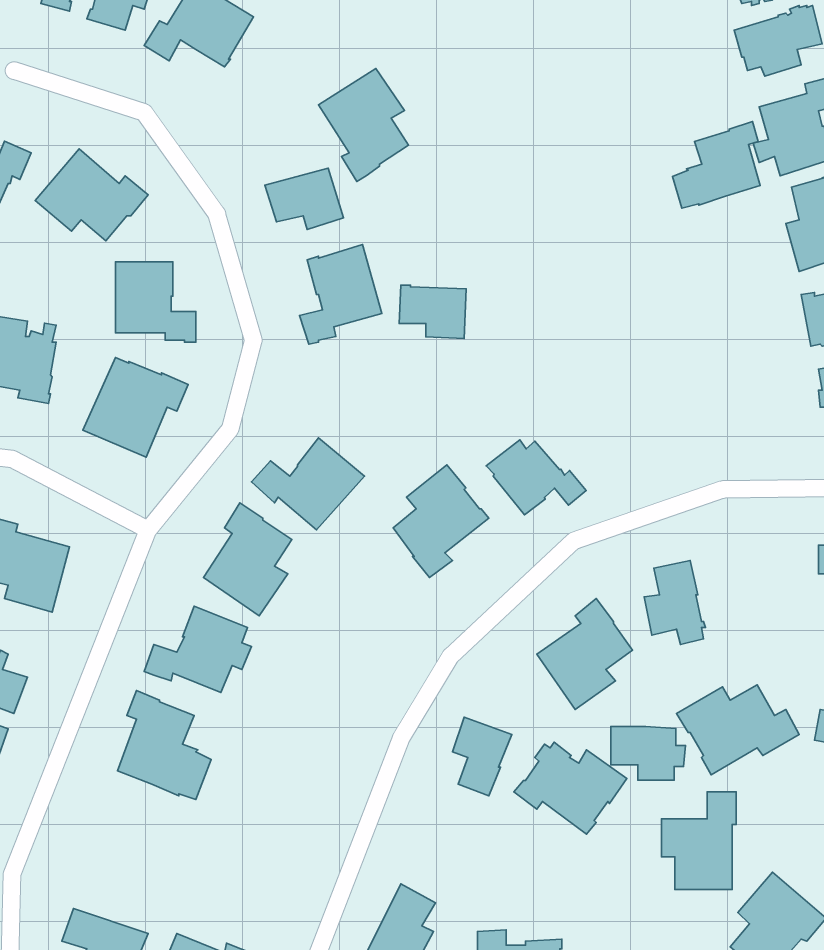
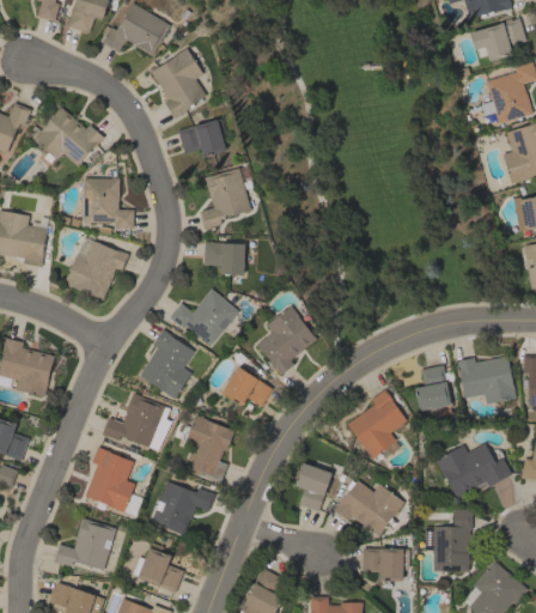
building: [318,69,408,181] -> [150,48,206,119]
building: [673,122,760,208] -> none
building: [399,285,466,339] -> [203,242,245,275]
building: [486,440,586,515] -> none
building: none -> [456,357,516,405]
building: none -> [221,366,272,407]
building: none -> [178,415,234,481]
building: [611,726,686,780] -> [363,548,409,582]
building: none -> [151,481,215,535]
building: none -> [54,518,116,571]
building: none -> [132,542,183,593]

